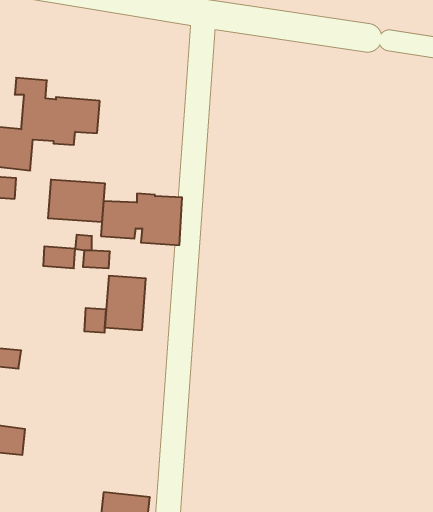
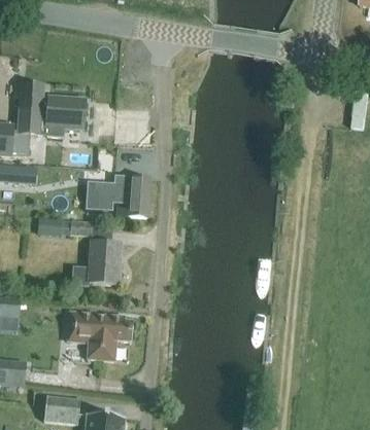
building: [48,179,105,222] -> none
building: none -> [67,310,131,359]
building: none -> [43,395,79,422]

